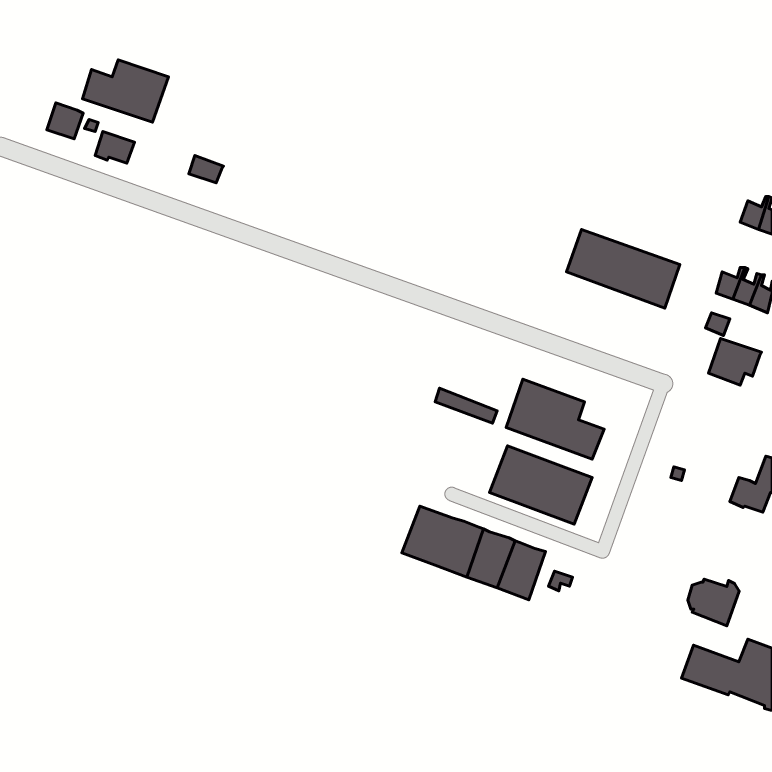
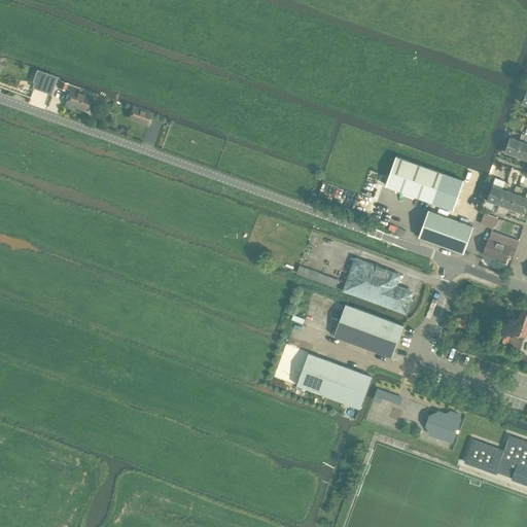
building: [82,60,168,122] -> none
building: none -> [419,210,472,253]
building: [688,579,739,626] -> [426,411,461,443]

